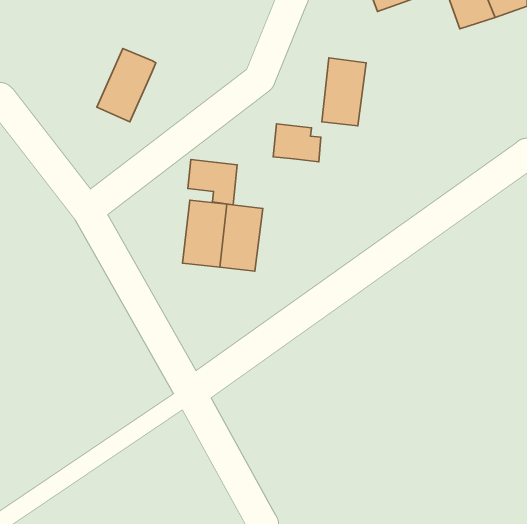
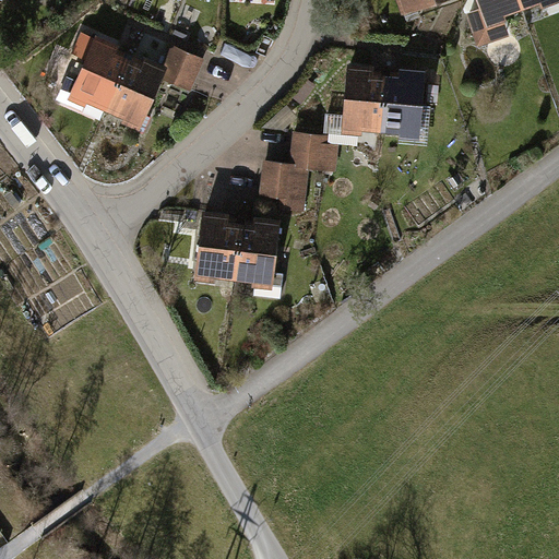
building: none -> [66,35,130,114]
building: none -> [160,44,206,92]
building: none -> [379,67,425,138]
building: [188,160,237,205] -> [259,163,311,211]

